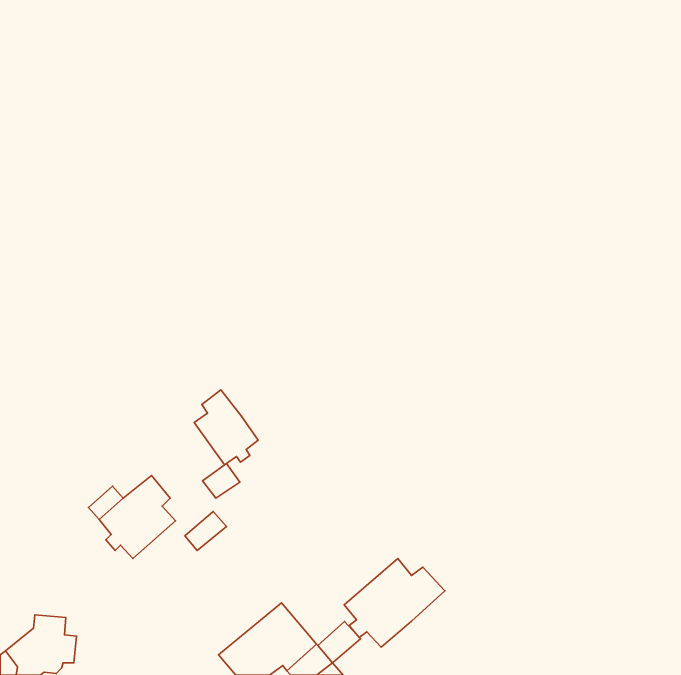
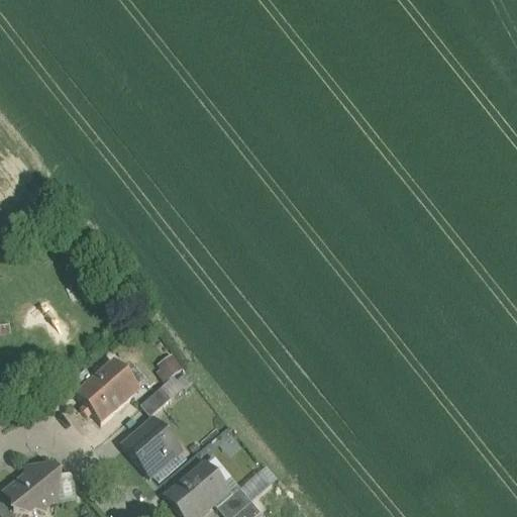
building: [194,390,258,465] -> none
building: none -> [125,417,179,476]
building: [344,559,445,647] -> none

